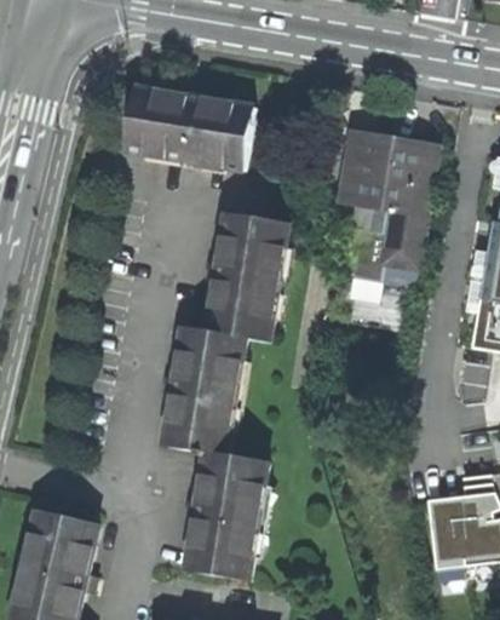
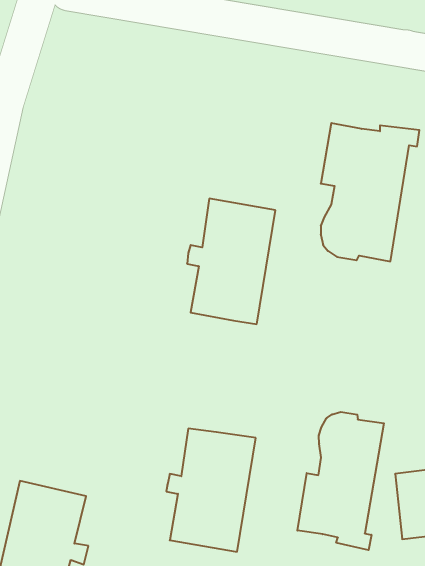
building: [123,86,254,173] -> none
building: [159,326,251,455] -> none
building: none -> [297,412,384,550]

